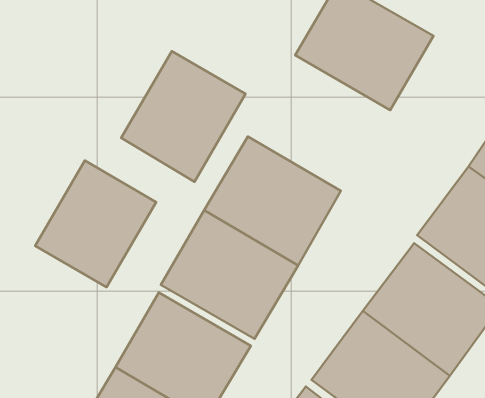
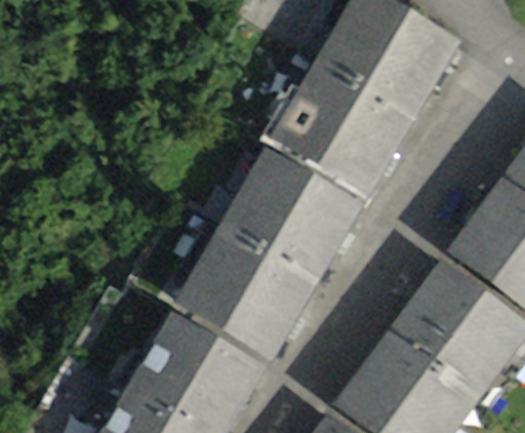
building: [121,51,246,182] -> none
building: none -> [270,58,416,196]
building: [35,160,156,287] -> none

